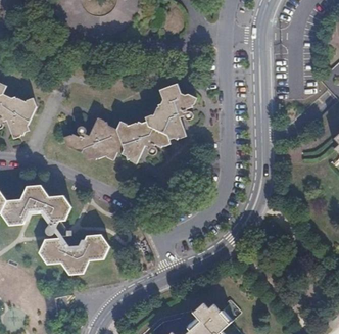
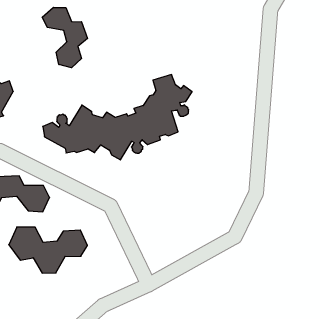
building: none -> [42,7,87,68]

